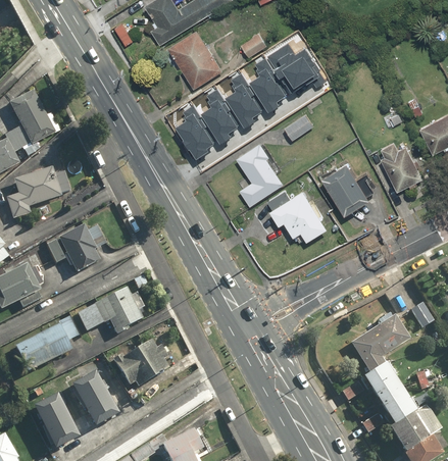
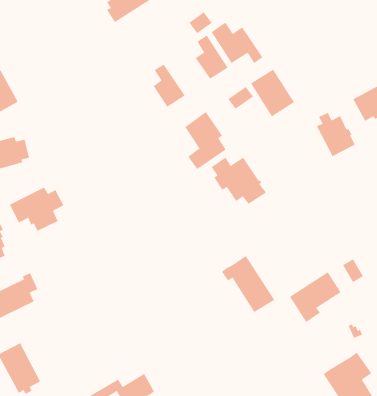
building: [168,28,222,88] -> none
building: [225,72,260,121] -> none
building: [179,104,214,152] -> none
building: [317,164,366,217] -> [250,69,295,117]
building: [77,288,143,335] -> none
building: [113,339,168,386] -> none
building: [358,361,417,424] -> [221,255,275,313]
building: [72,370,119,426] -> none

